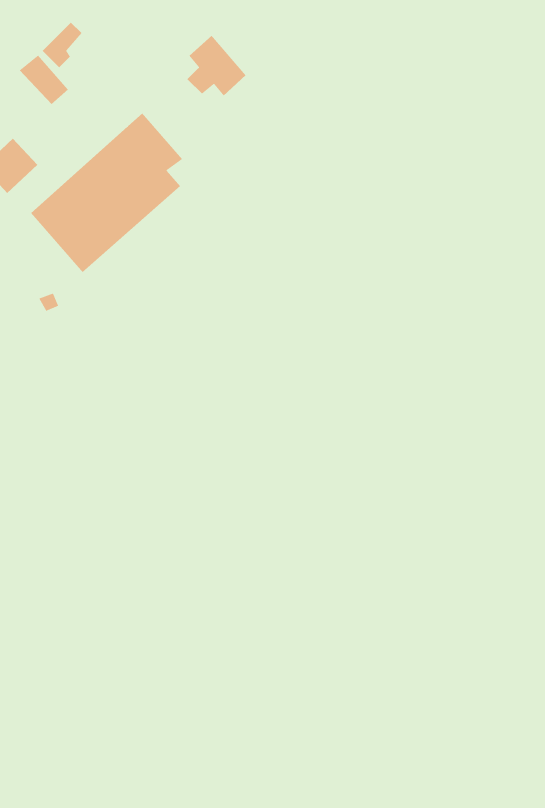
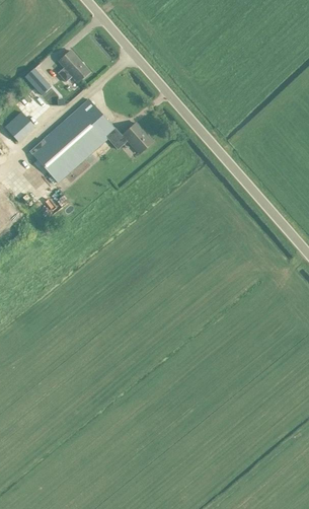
building: [187,35,247,97] -> [58,50,89,82]
building: none -> [119,123,153,153]

